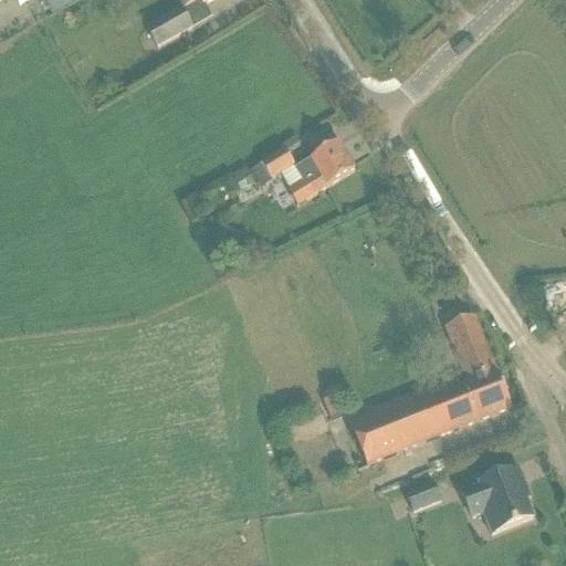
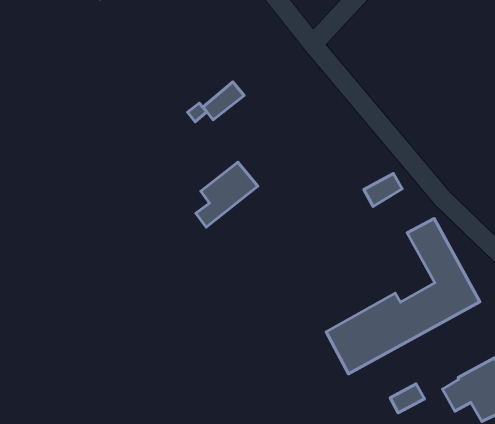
building: [287,140,355,203] -> [196,162,258,227]
building: none -> [364,174,402,206]

